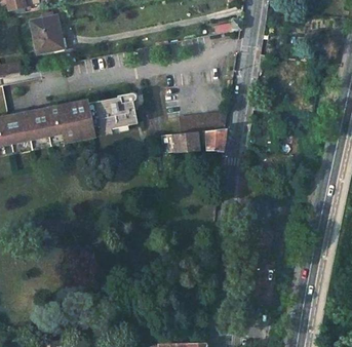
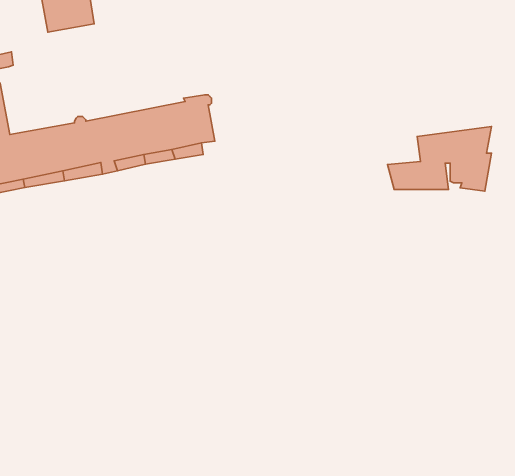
building: [160,112,225,152] -> [387,127,491,191]

